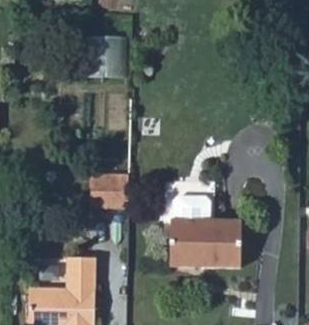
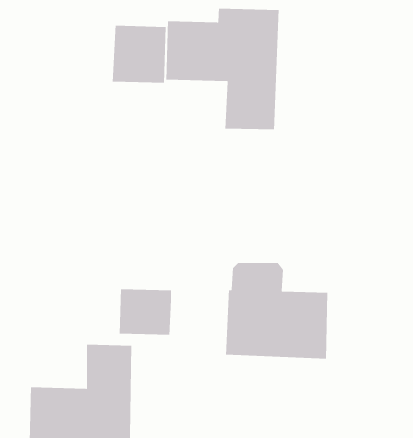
building: none -> [166,8,280,130]
building: [89,175,126,208] -> [119,288,172,336]

